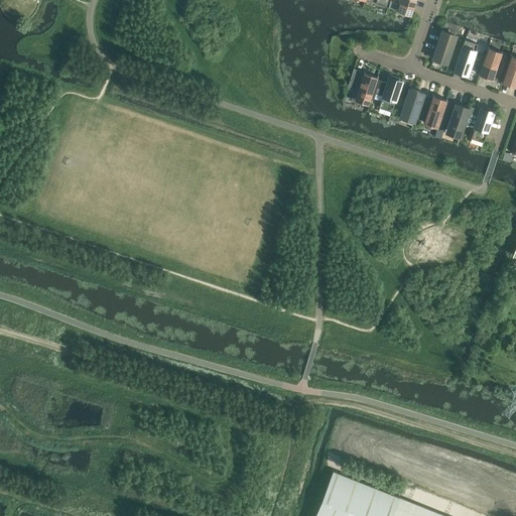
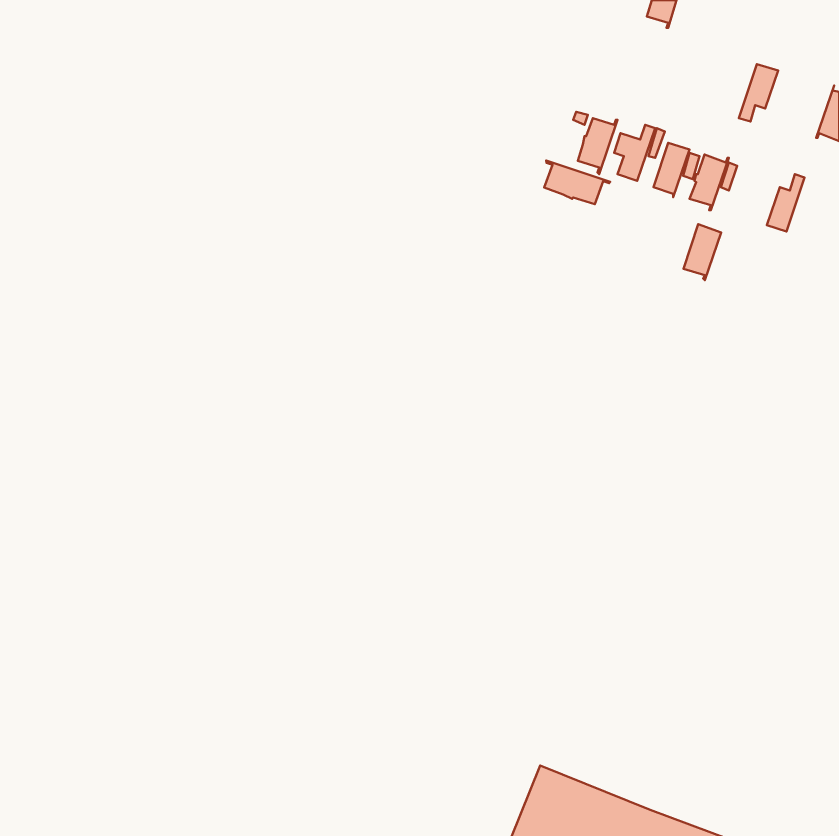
building: [433,31,456,66] -> none
building: [478,46,502,81] -> none
building: none -> [544,160,610,204]
building: [446,105,470,139] -> [683,224,721,280]

